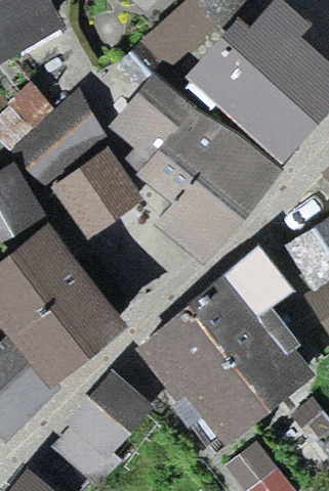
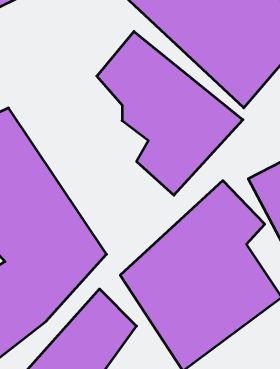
building: [10,87,145,242] -> none

